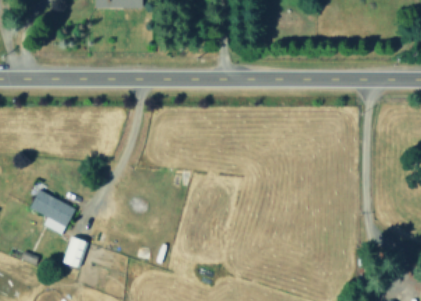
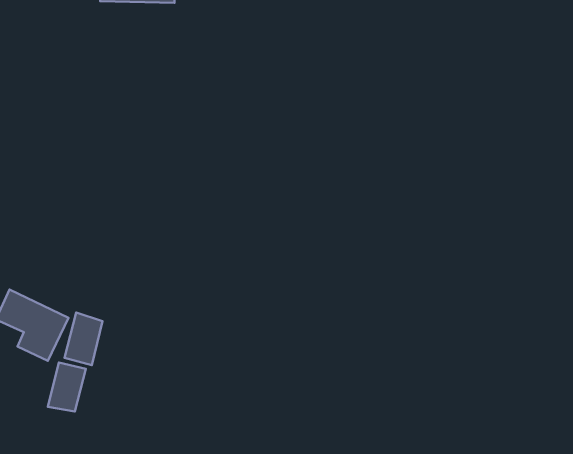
building: none -> [65,312,102,365]

